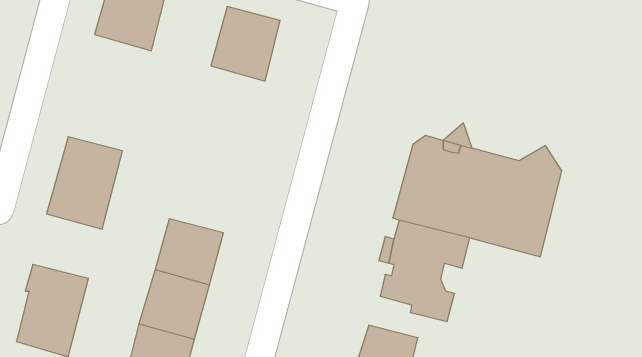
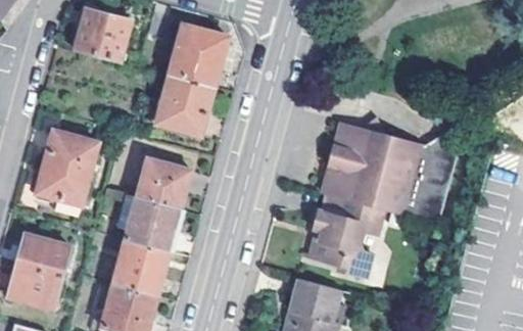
building: none -> [157,72,215,133]
building: none -> [137,155,191,206]

